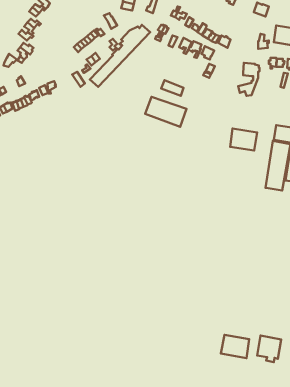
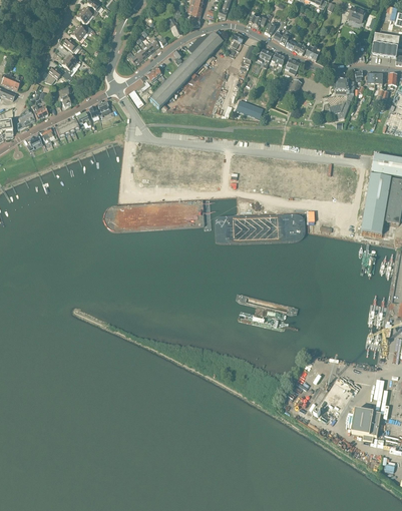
building: [145,97,186,127] -> none
building: [230,129,257,150] -> none
building: [221,335,249,358] -> none

